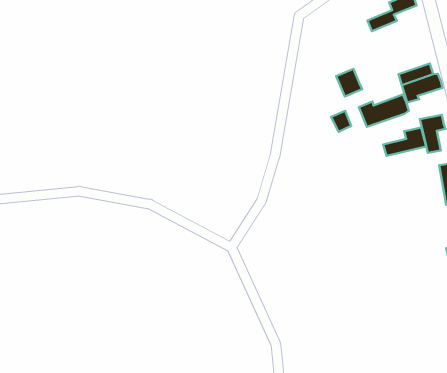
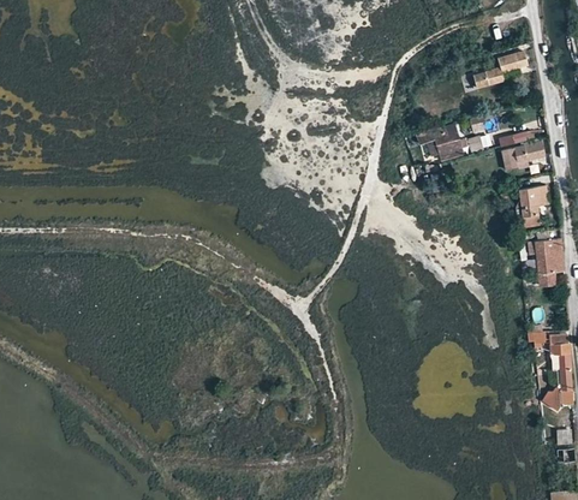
building: [359,94,409,127] -> none
building: [383,127,426,156] -> none

